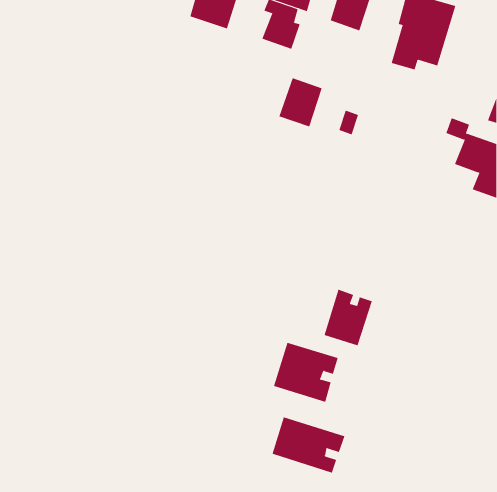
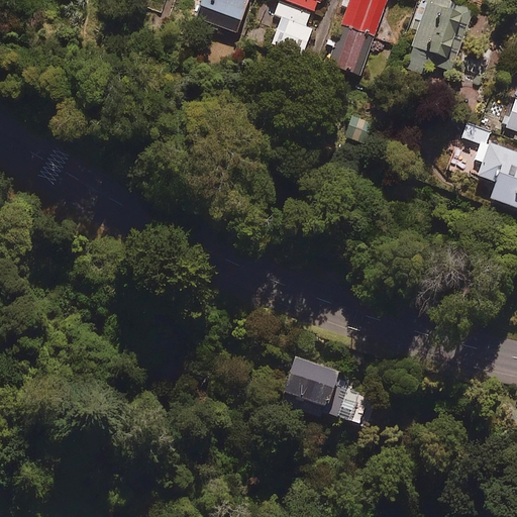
building: [279,78,322,127] -> [328,21,374,73]
building: [324,289,372,346] -> none
building: [272,417,345,473] -> none

